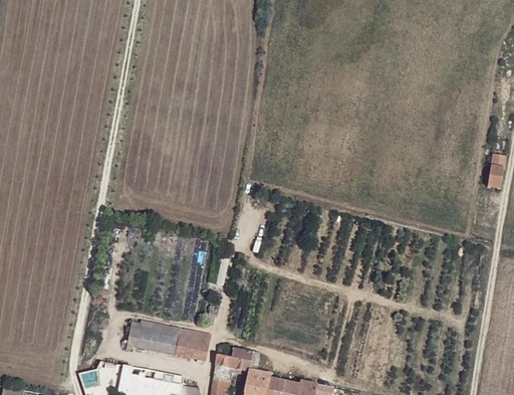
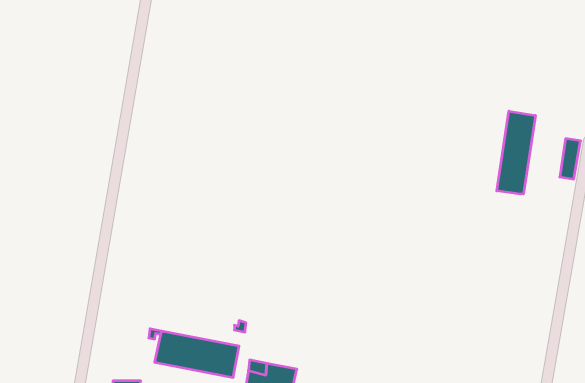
building: none -> [497,111,535,194]

